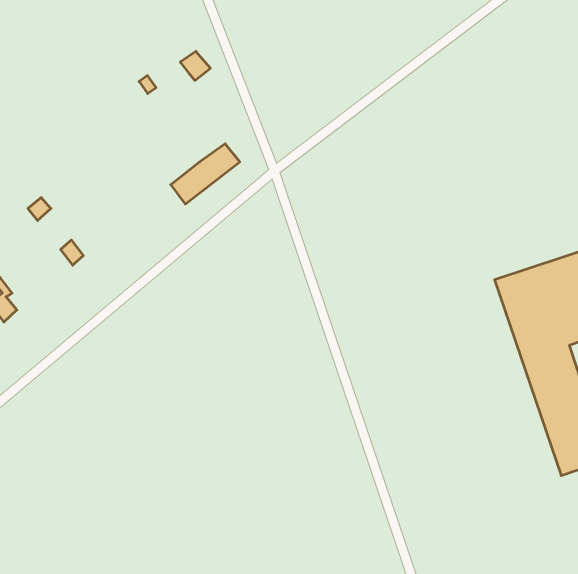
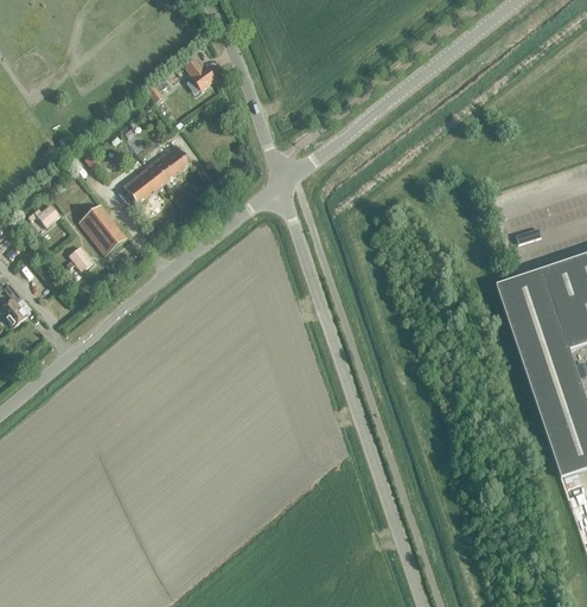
building: [171,144,240,204] -> [123,143,191,203]
building: none -> [81,203,128,253]

